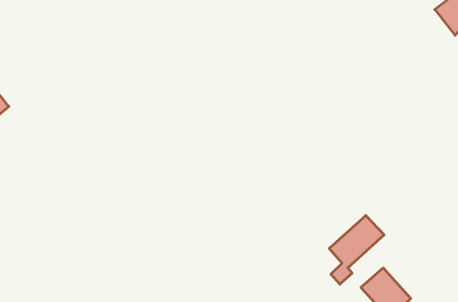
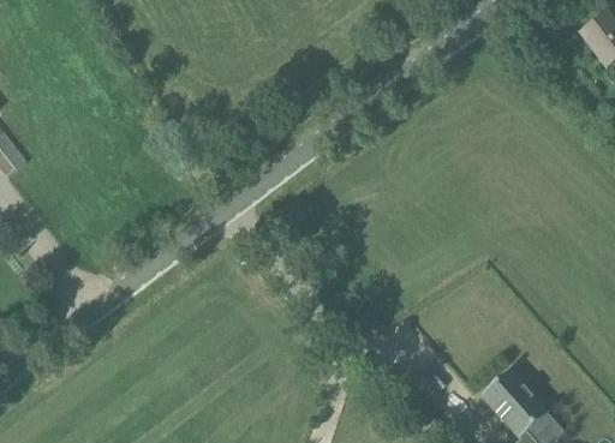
building: [329,215,384,284] -> none

